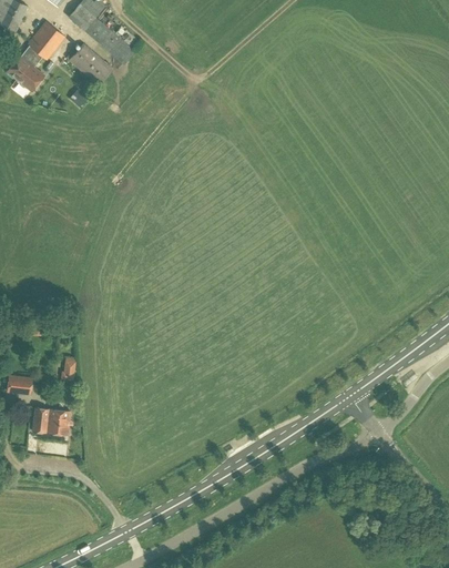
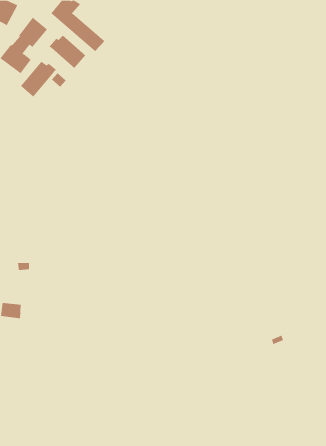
building: none -> [20,61,57,97]
building: [32,407,70,435] -> none

